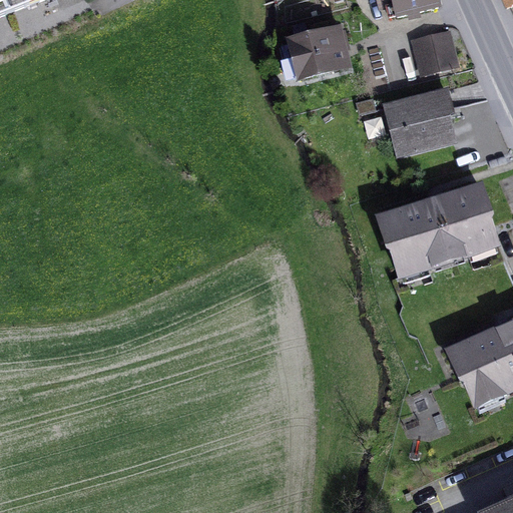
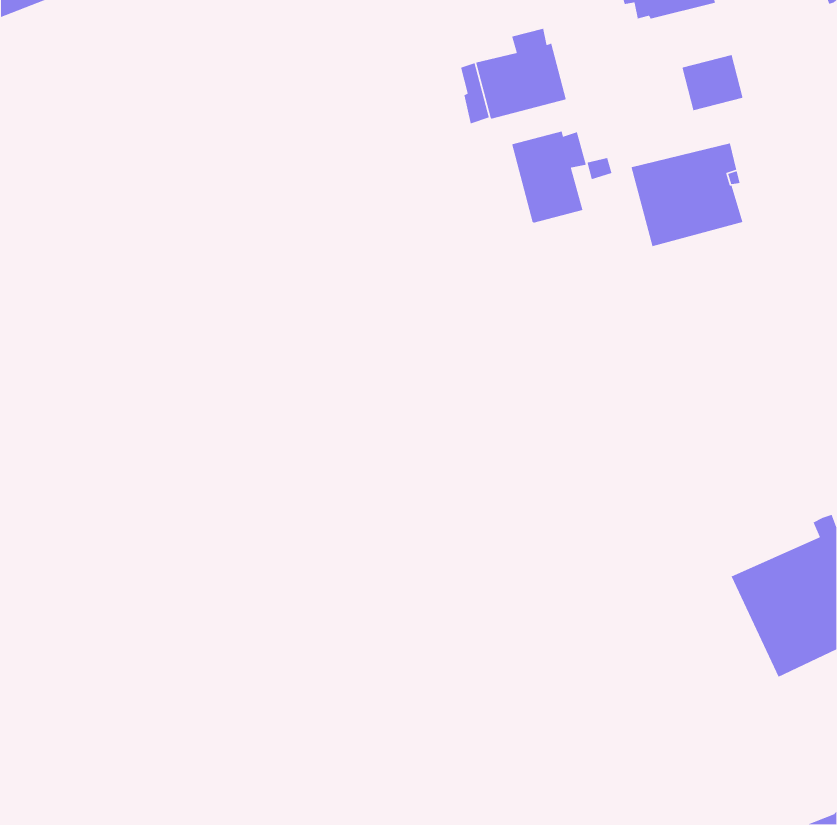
building: none -> [511,130,587,223]
building: [380,183,496,272] -> none

